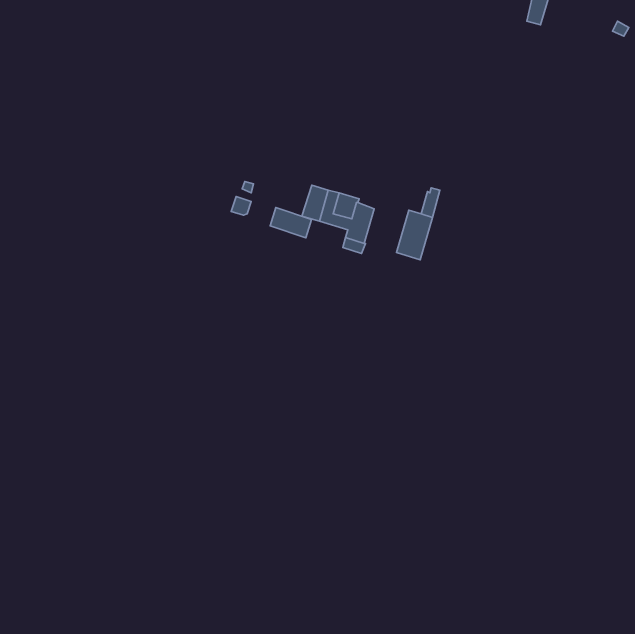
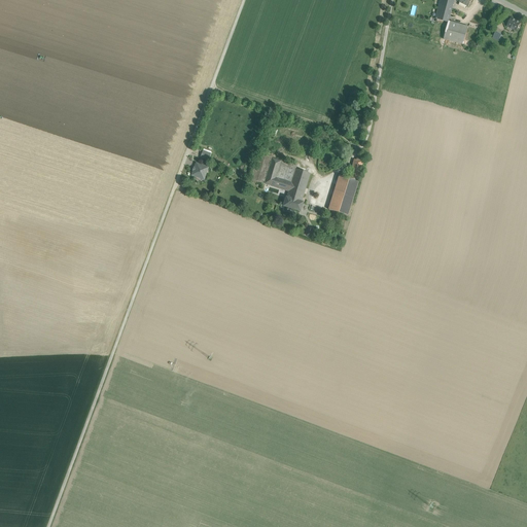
building: none -> [444,21,468,44]
building: [270,208,311,238] -> none

